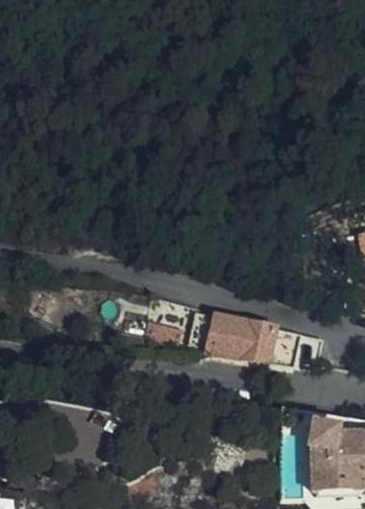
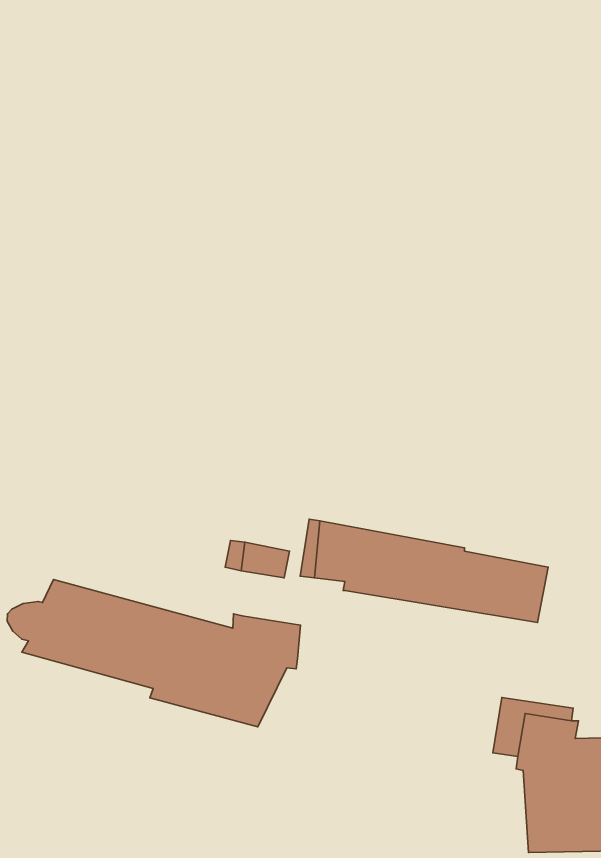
building: none -> [7,579,301,727]

